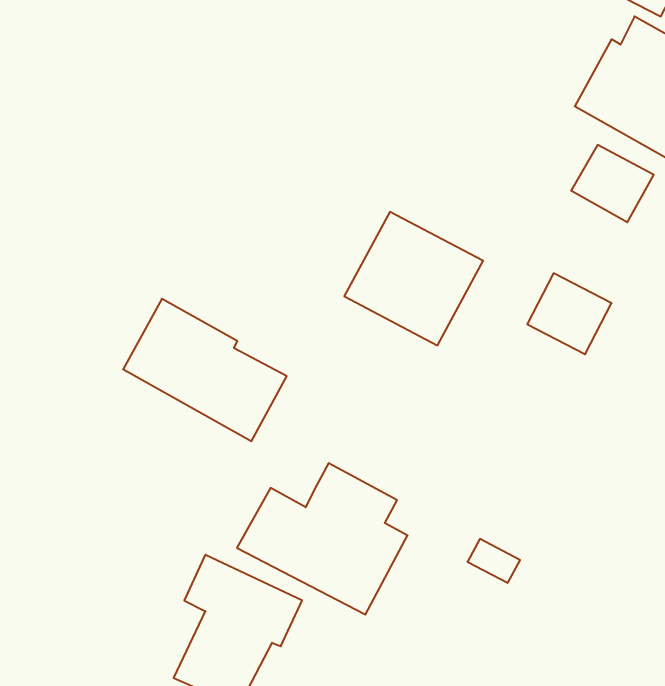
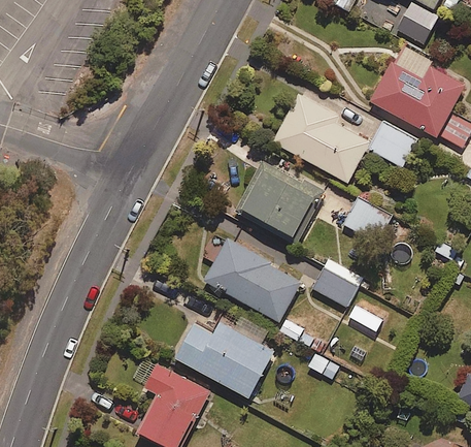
building: none -> [271,94,369,183]
building: [123,299,287,441] -> [204,238,300,322]
building: none -> [312,260,362,309]

